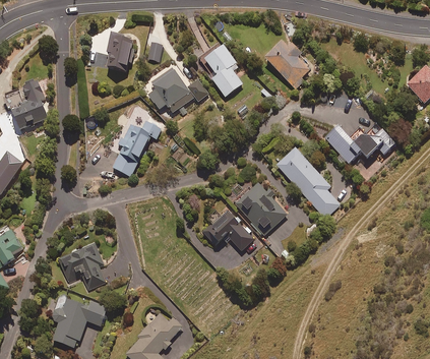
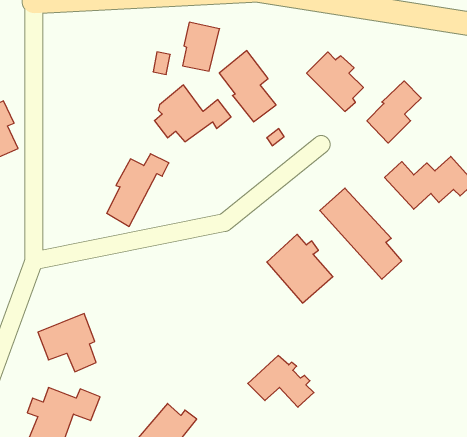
building: [108,35,136,72] -> [183,22,220,71]
building: none -> [367,81,421,143]
building: [203,212,254,251] -> [248,356,314,407]

